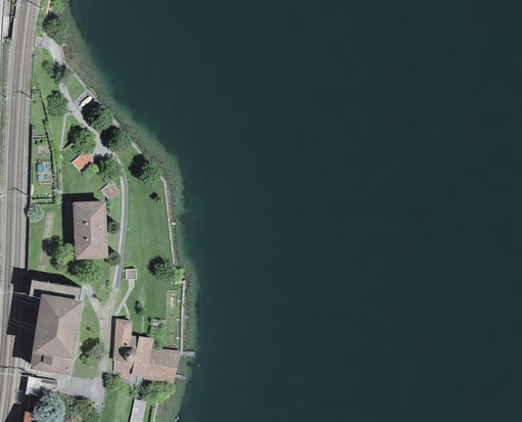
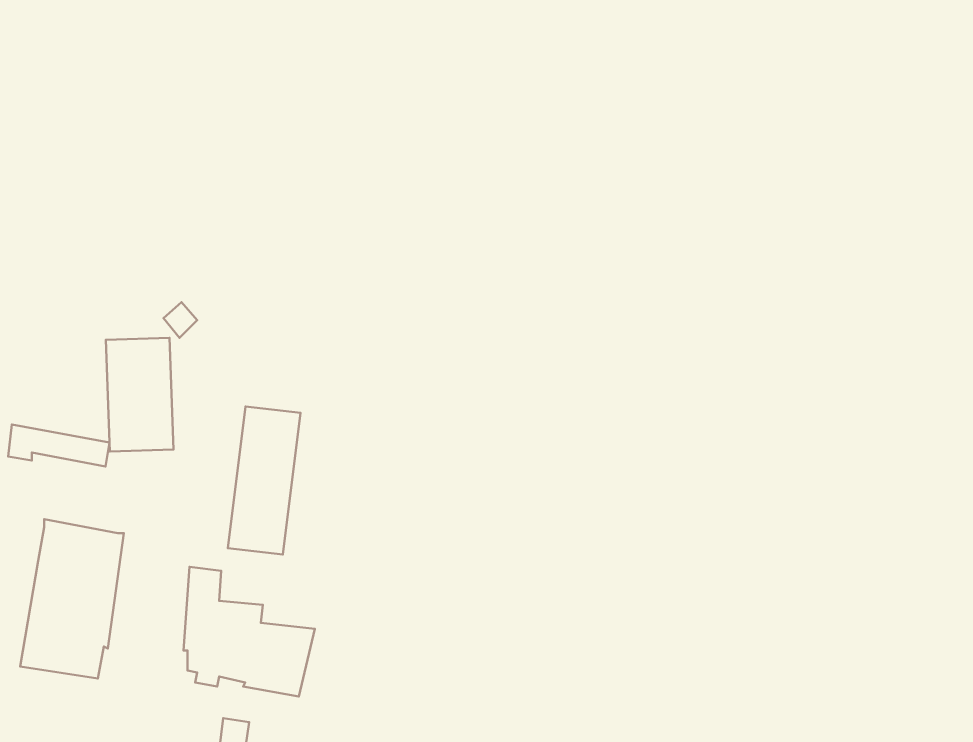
building: none -> [228,406,301,555]
building: [29,279,81,300] -> [8,425,109,466]

